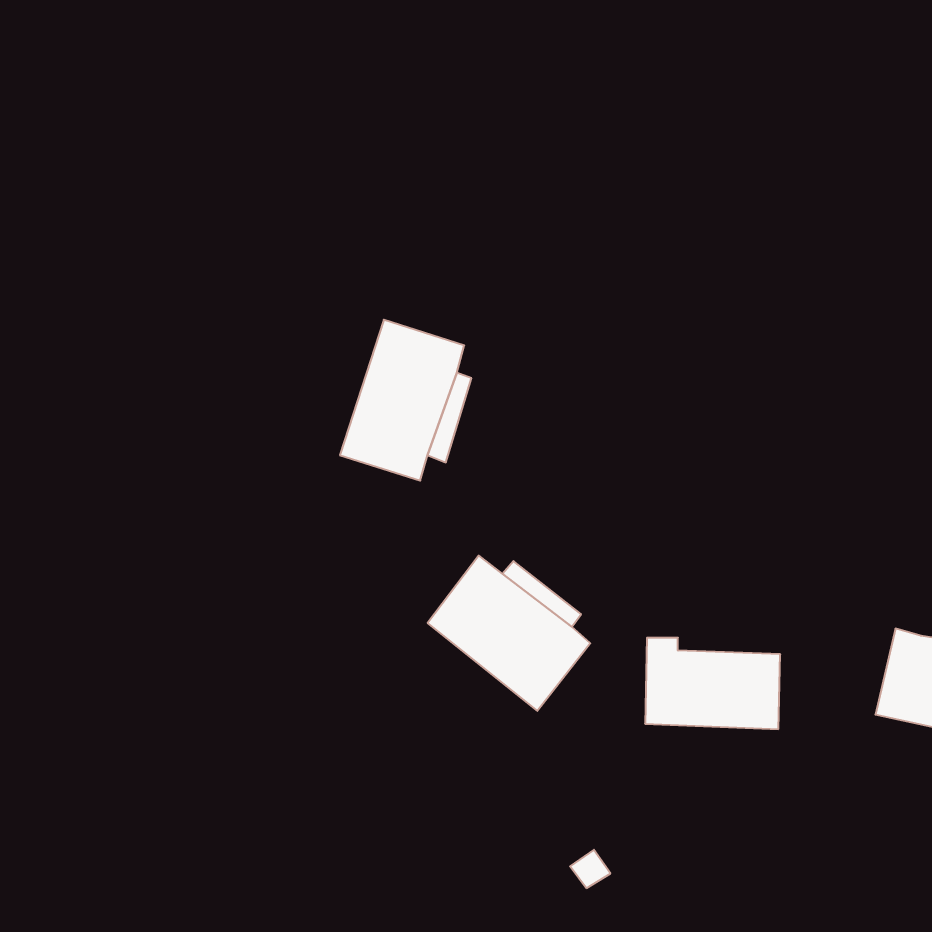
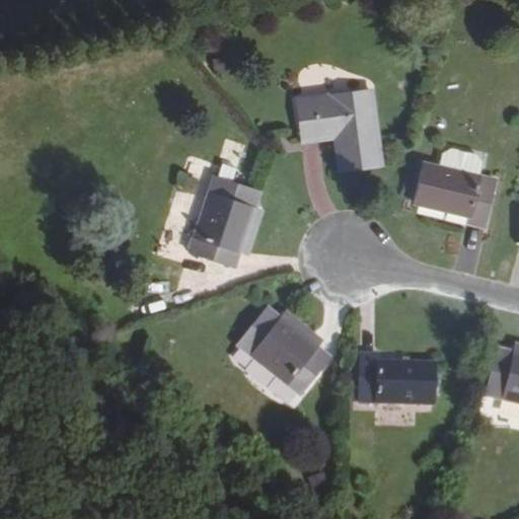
building: none -> [299,90,381,168]
building: none -> [414,163,495,227]

